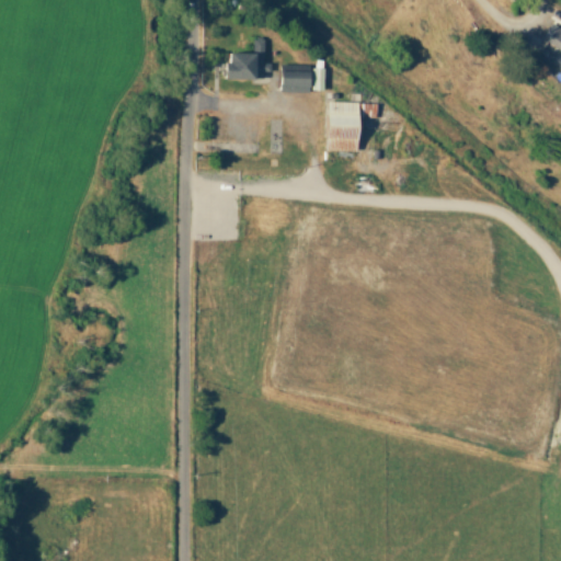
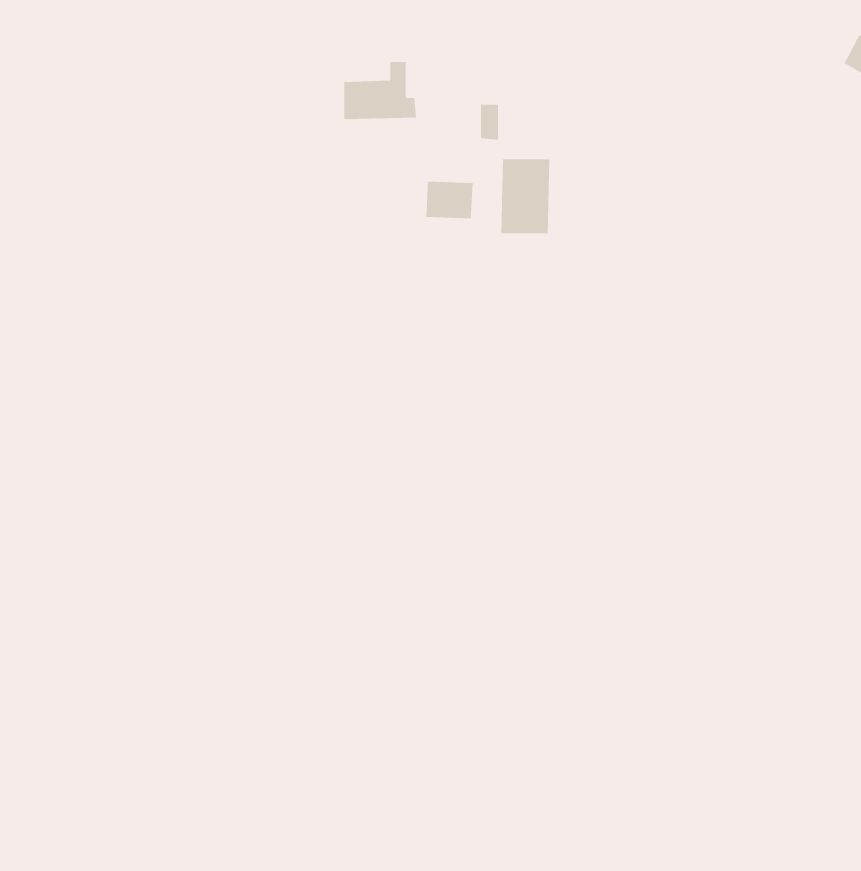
building: [283,69,313,93] -> [426,181,473,219]

